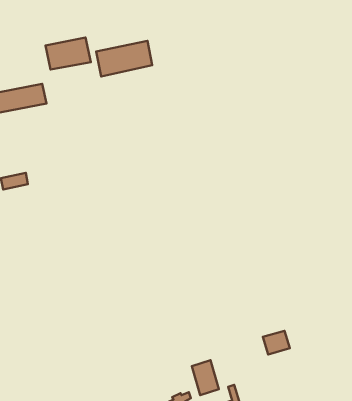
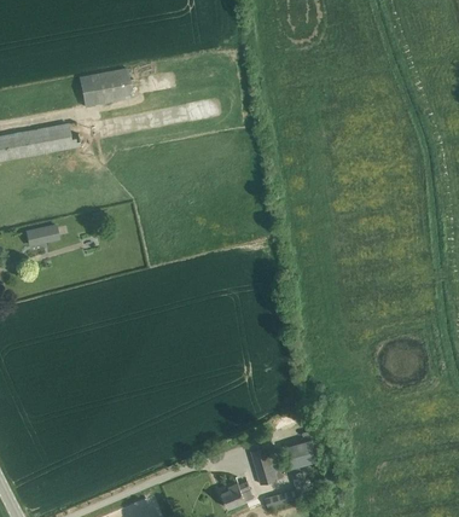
building: [96,41,152,77] -> none
building: [263,331,290,354] -> [284,441,315,469]

